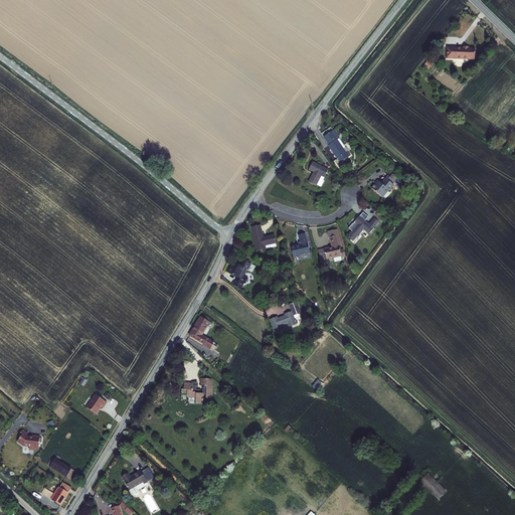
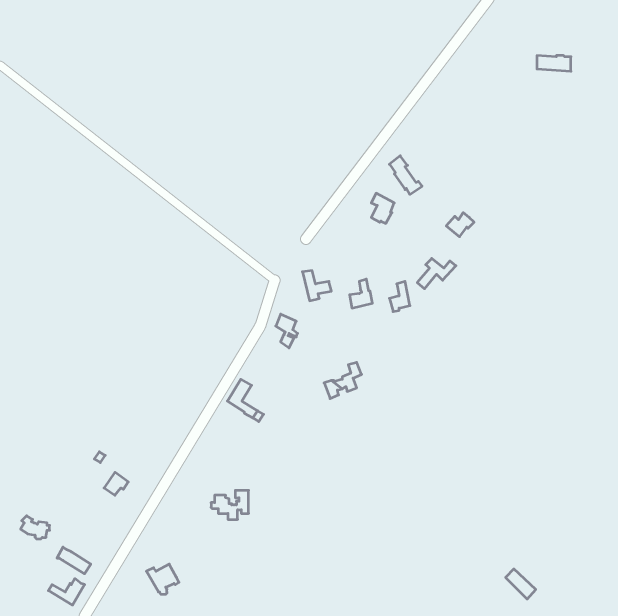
building: [181,378,212,402] -> [211,490,249,519]

